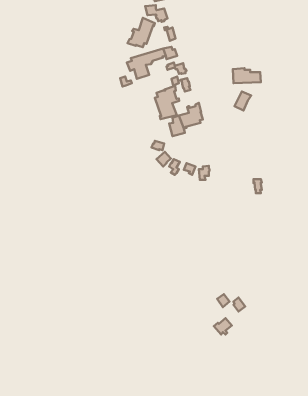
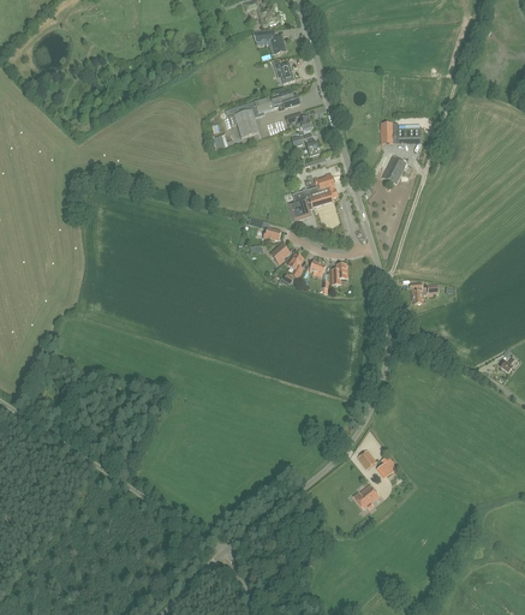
building: [127,18,155,47] -> none
building: [155,86,179,119] -> none

